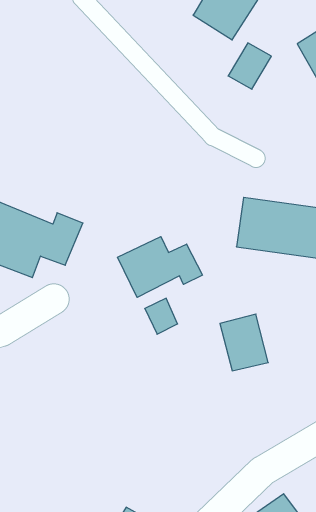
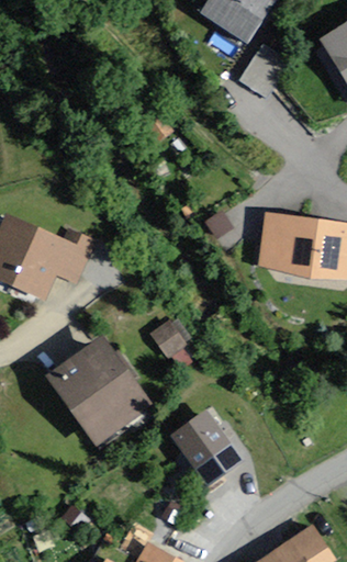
building: [117,237,202,297] -> none
building: none -> [37,336,146,448]
building: [220,314,268,371] -> [181,398,233,459]

